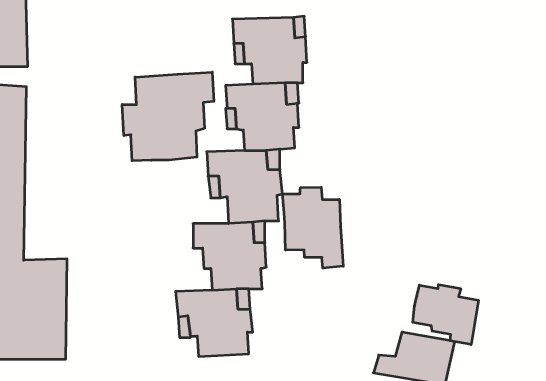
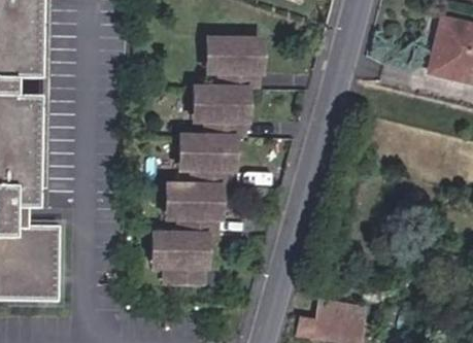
building: [122,72,214,161] -> none
building: [283,187,343,268] -> none
building: [413,285,478,345] -> none

